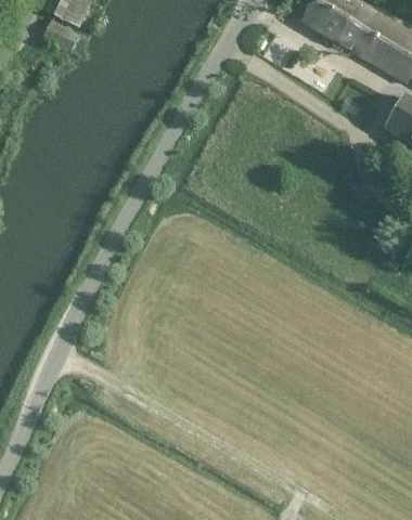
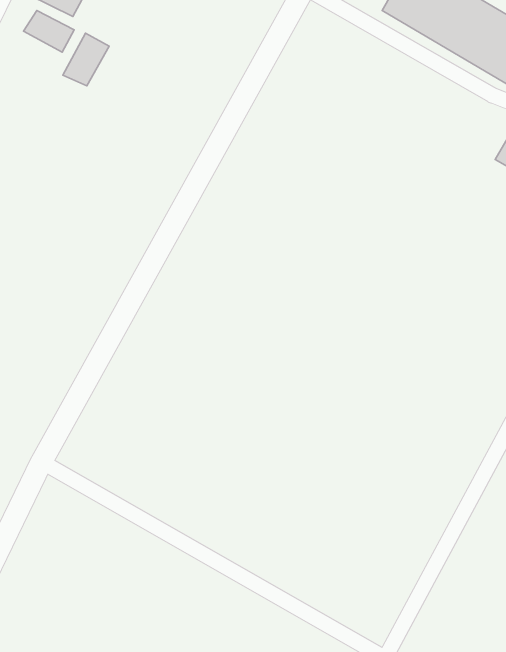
building: none -> [63,33,109,86]

